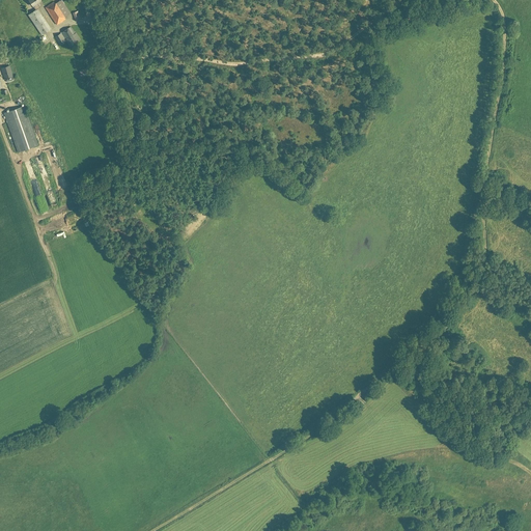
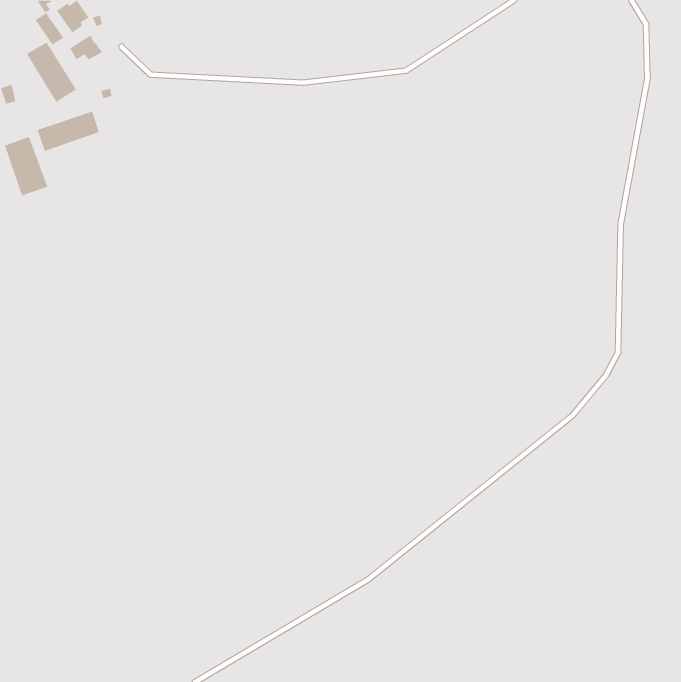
building: none -> [26,41,77,103]
building: none -> [37,111,99,152]

